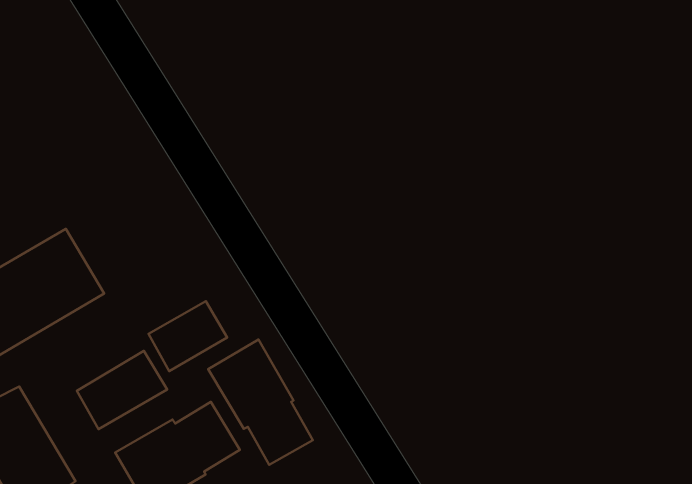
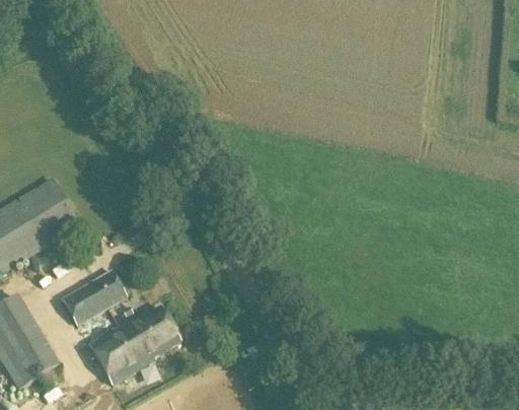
building: [148,301,227,371] -> none
building: [208,340,313,465] -> none

